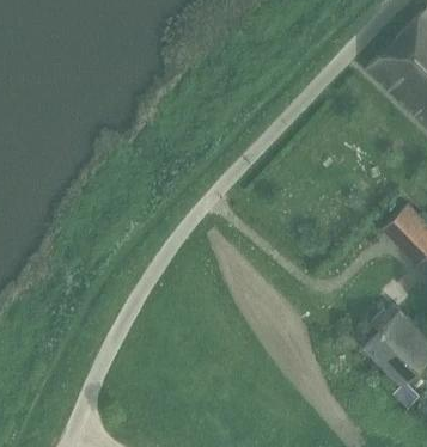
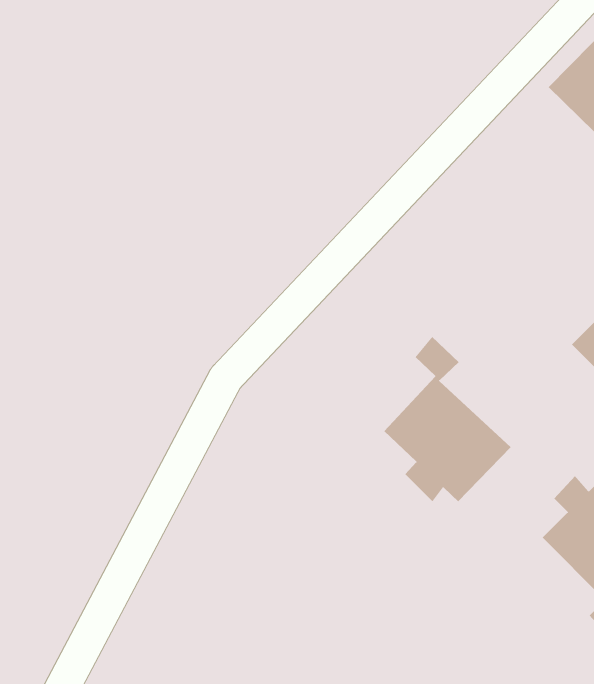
building: none -> [384,336,511,502]

